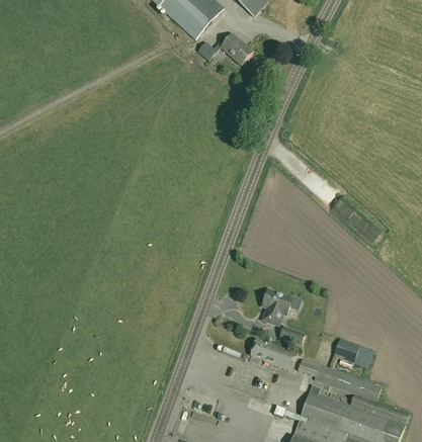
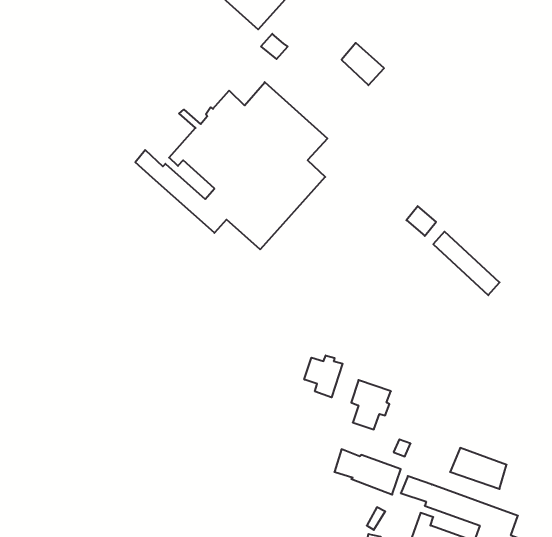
building: [221,34,251,65] -> [342,43,384,85]
building: none -> [135,82,327,249]
building: none -> [304,355,343,397]

